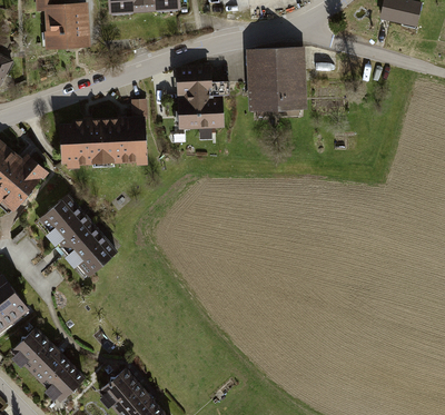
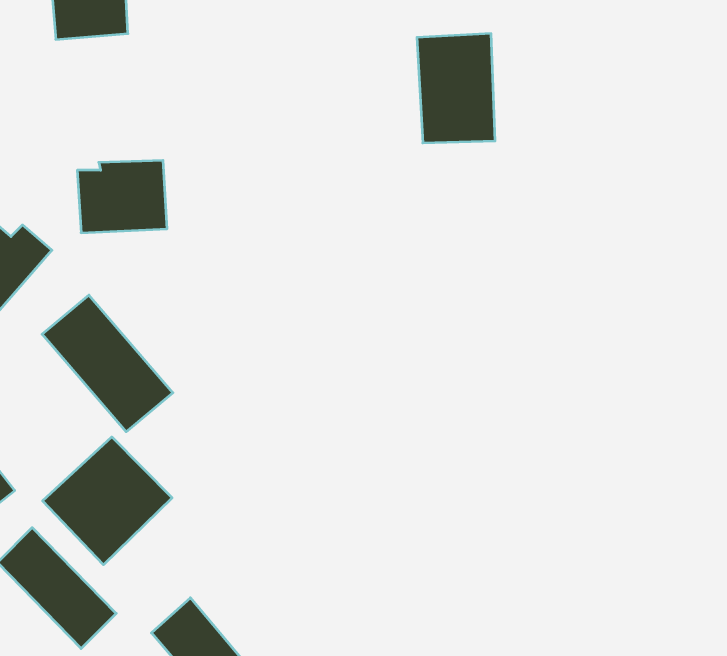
building: [181,70,228,126] -> none
building: [109,99,146,158] -> none
building: none -> [43,437,172,565]

